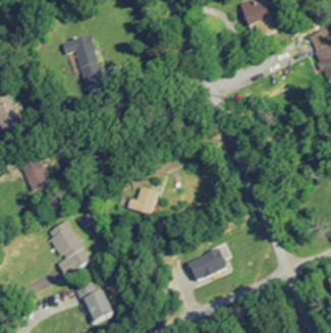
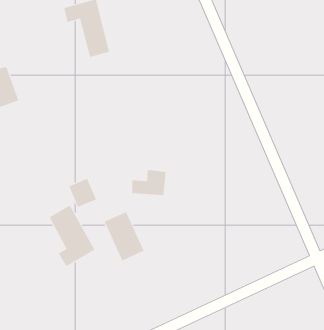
building: [24,162,50,188] -> [68,178,97,208]
building: [186,245,227,280] -> none
building: [74,278,111,323] -> [104,211,145,261]

